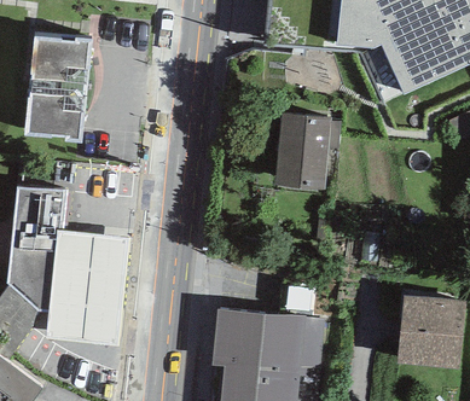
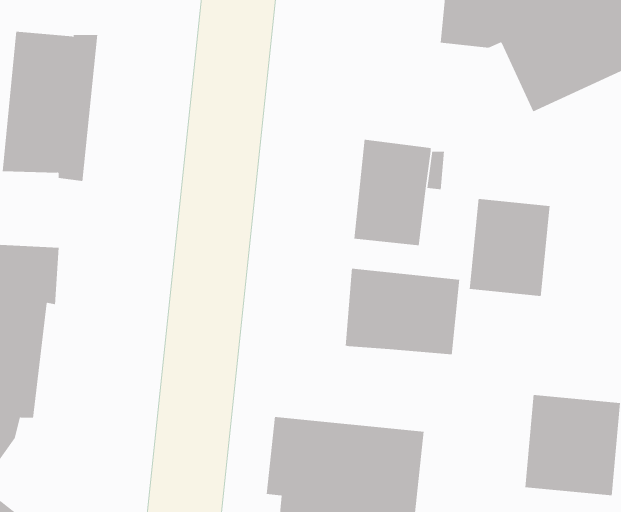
building: none -> [469,198,550,297]
building: none -> [345,268,460,355]
building: [45,229,129,345] -> none

